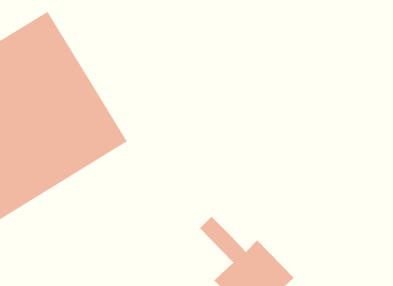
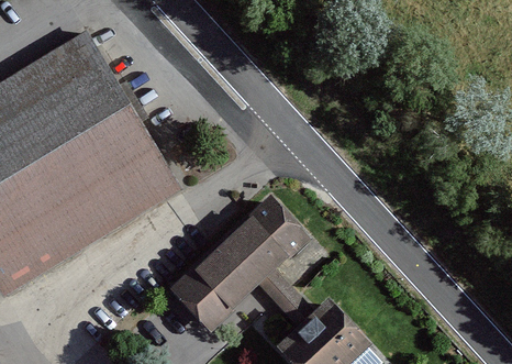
building: none -> [171,195,311,331]

